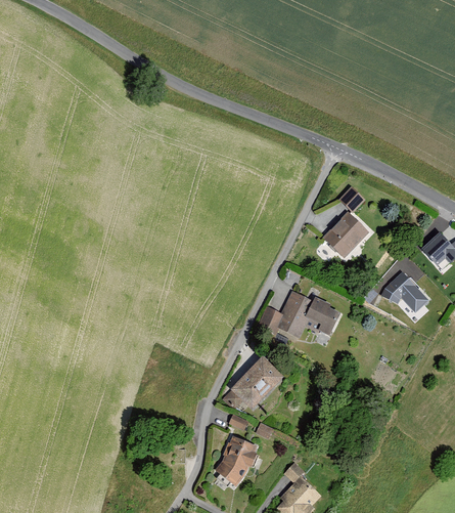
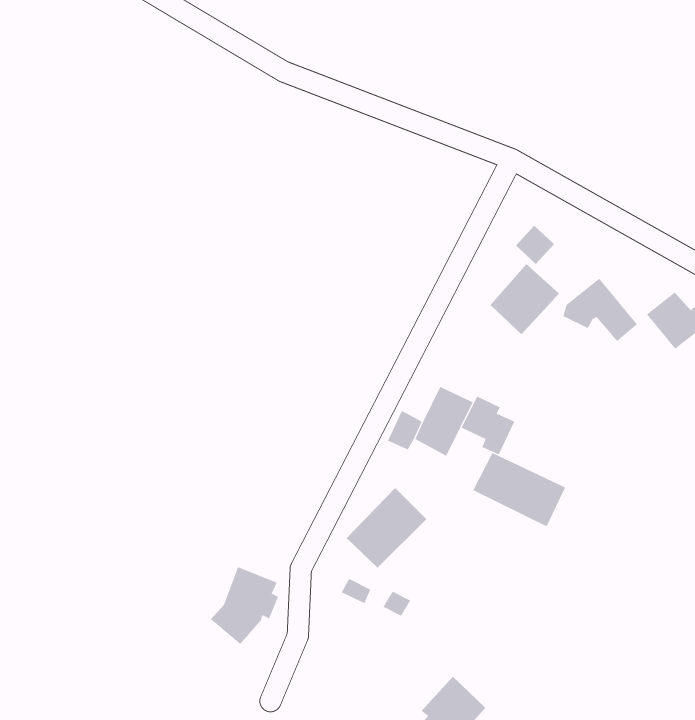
building: [380,270,428,311] -> [563,278,638,342]
building: none -> [473,452,566,527]
building: [214,436,258,486] -> [210,566,279,645]

